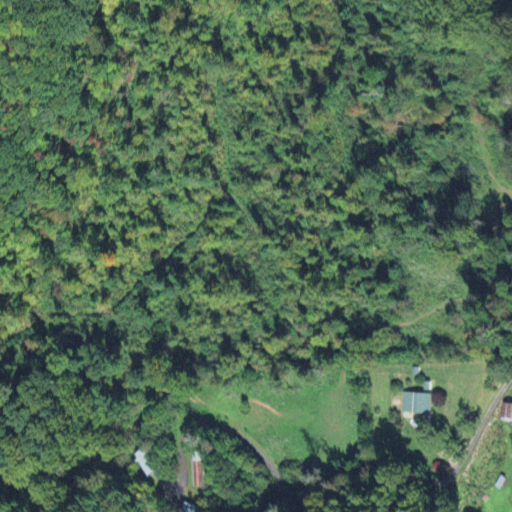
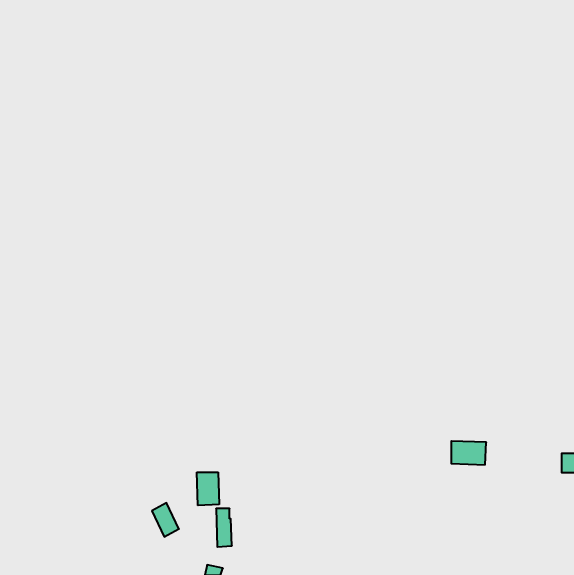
building: none -> [197,472,219,505]

